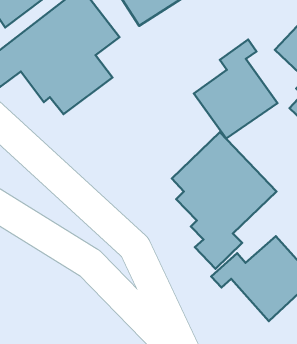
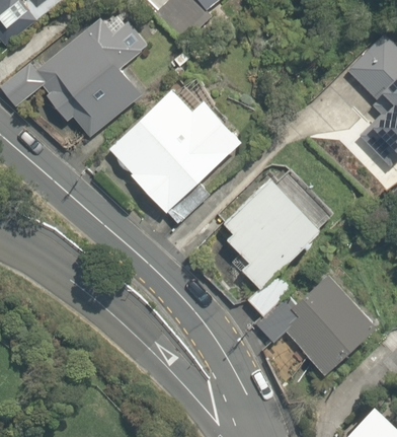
building: [194,39,278,139] -> none
building: none -> [111,79,238,215]

